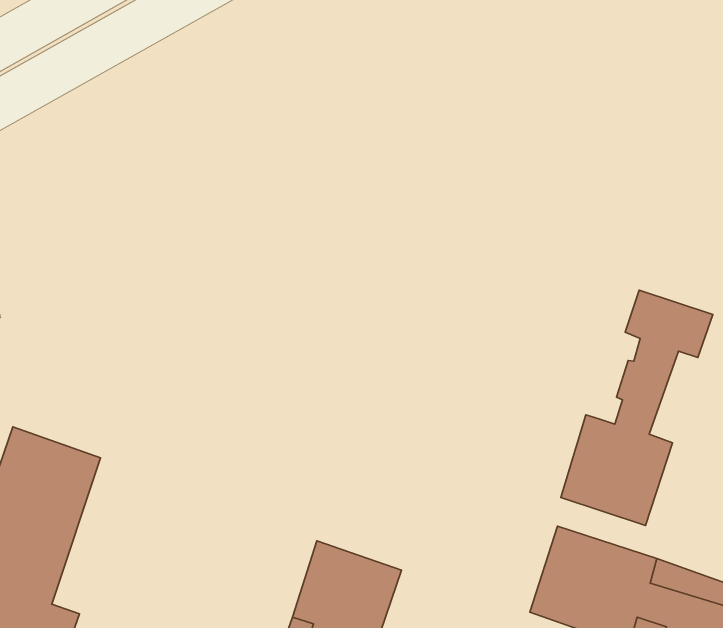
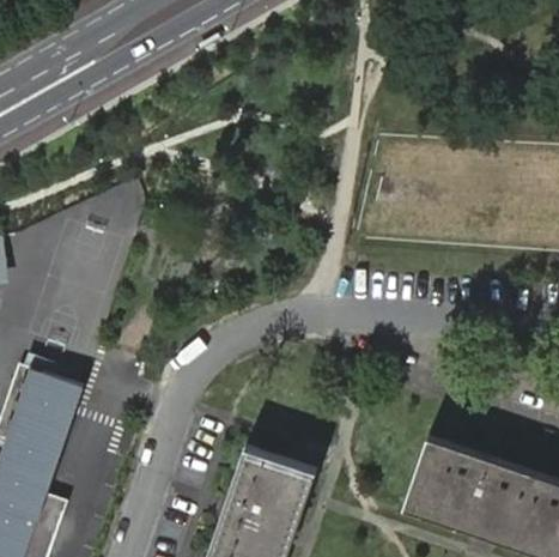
building: [561,290,713,526] -> none

